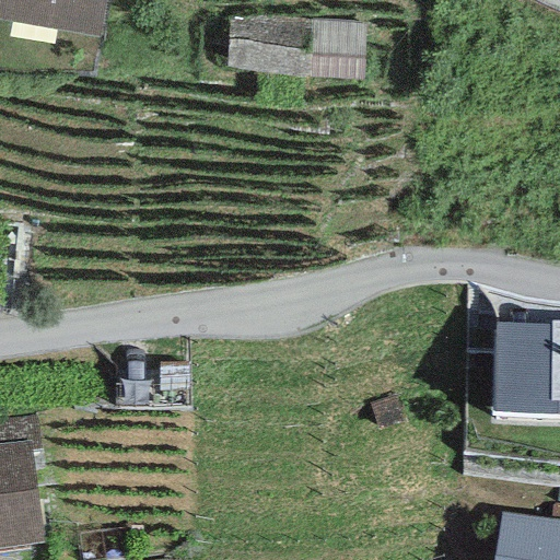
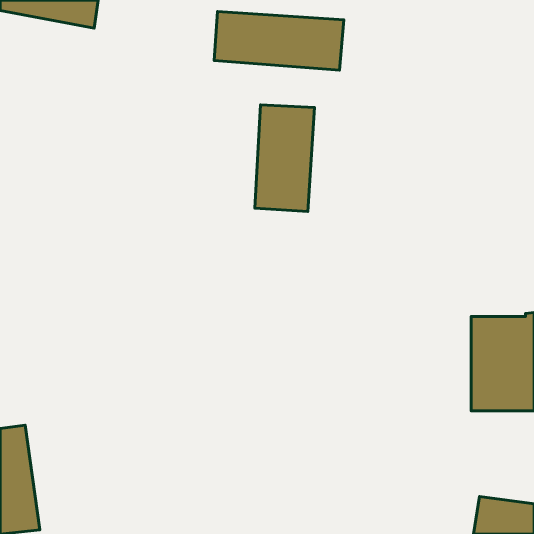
building: none -> [255,105,315,212]

